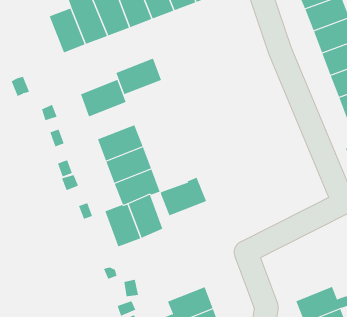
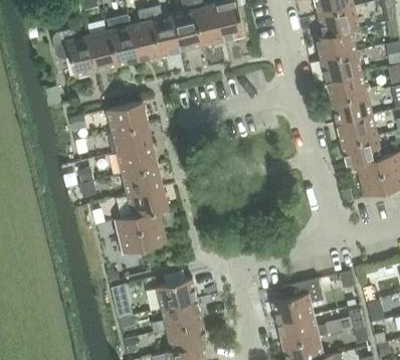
building: none -> [52,30,96,76]
building: [116,58,162,95] -> [112,123,153,153]
building: [160,177,207,216] -> none
building: none -> [272,279,323,324]
building: none -> [156,279,197,309]

